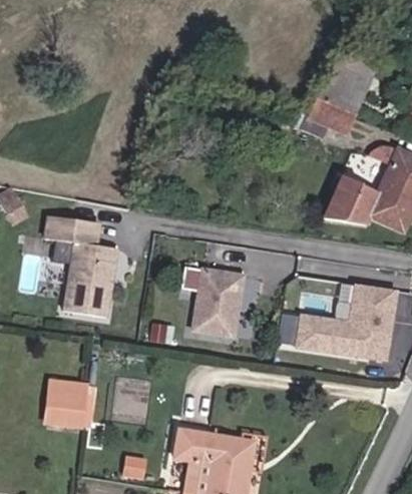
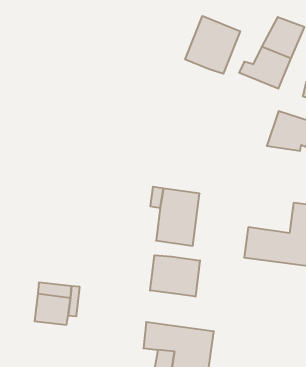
building: none -> [185,16,240,74]
building: [42,222,115,322] -> none
building: none -> [150,255,200,297]

